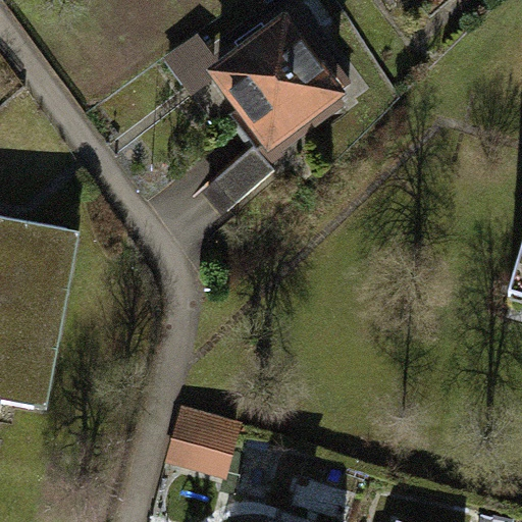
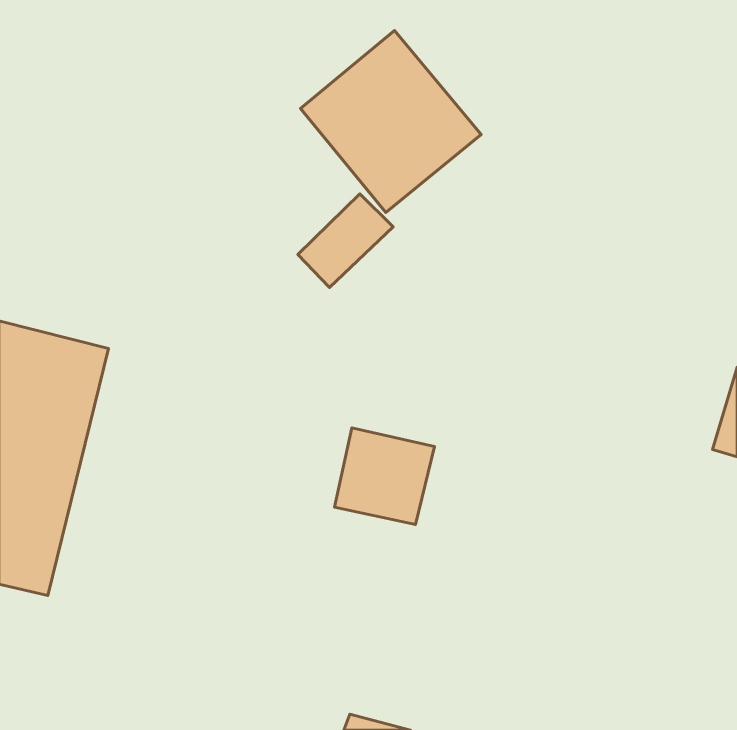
building: [176,401,247,469] -> [335,428,434,525]

